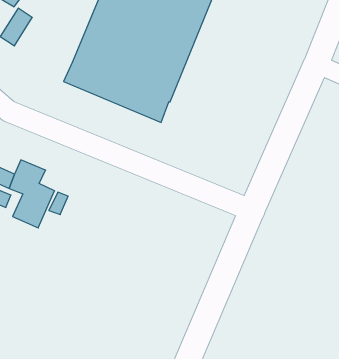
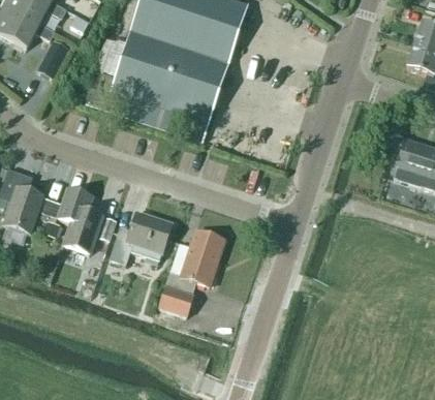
building: none -> [110,211,172,264]
building: none -> [158,230,224,315]

